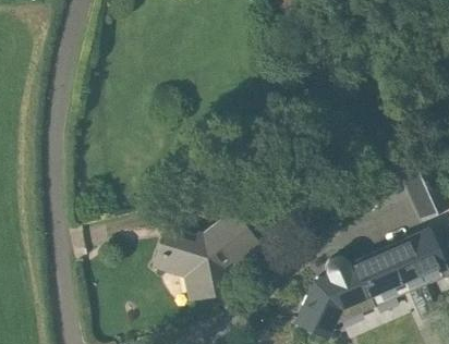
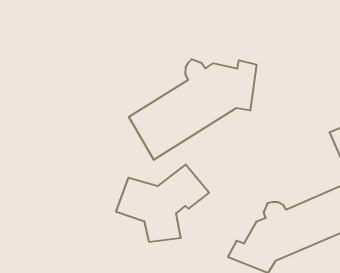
building: none -> [129,59,256,160]

